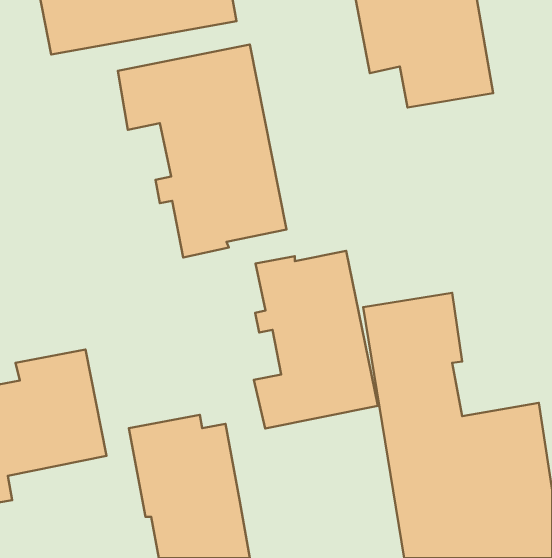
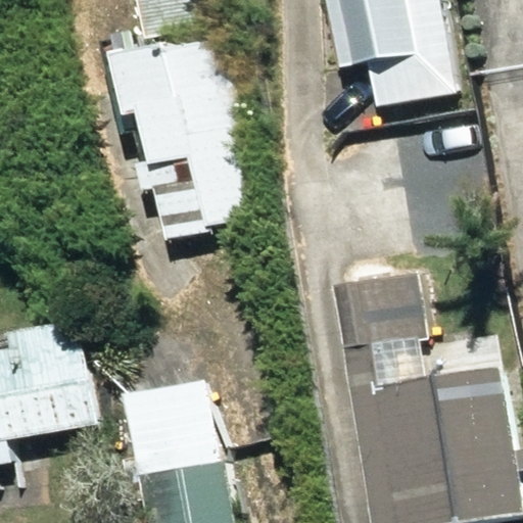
building: [254,251,378,429] -> none

